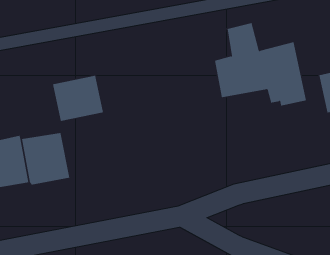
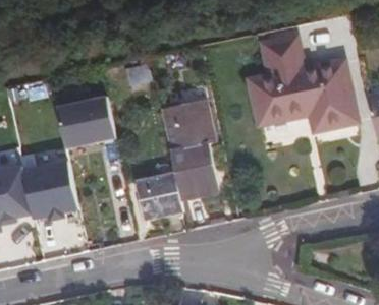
building: none -> [144,95,226,204]

